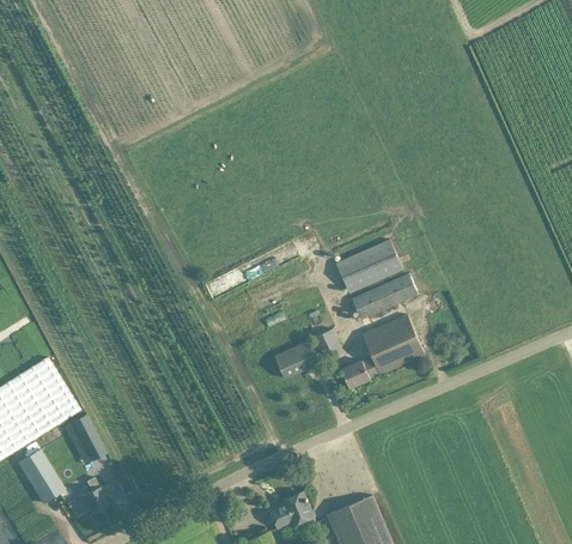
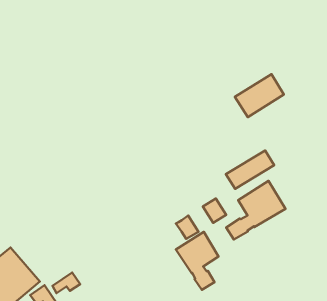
building: [335,238,402,292] -> [235,74,284,117]
building: none -> [176,232,219,290]
building: none -> [52,272,80,293]

